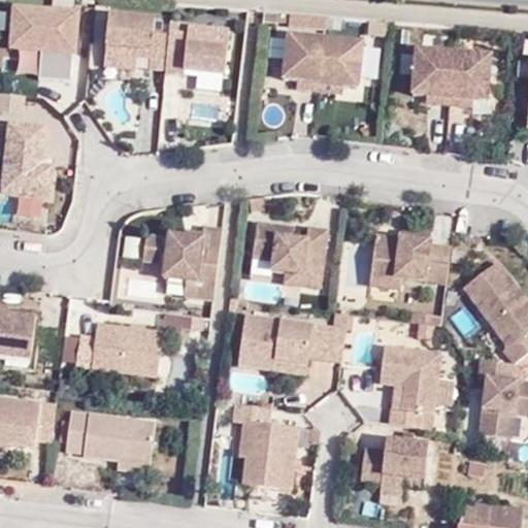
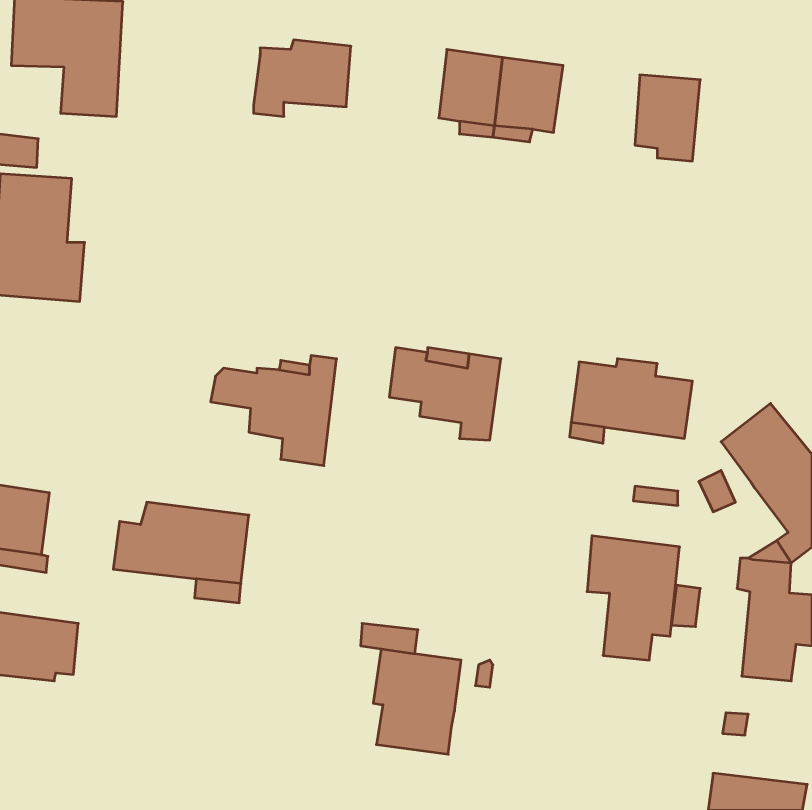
building: [104,14,168,68] -> none
building: [448,52,492,106] -> none
building: [238,318,344,374] -> none
building: [62,412,148,469] -> none
building: [360,439,426,499] -> none

